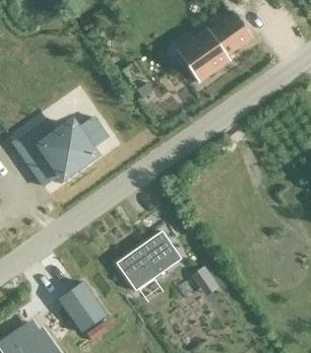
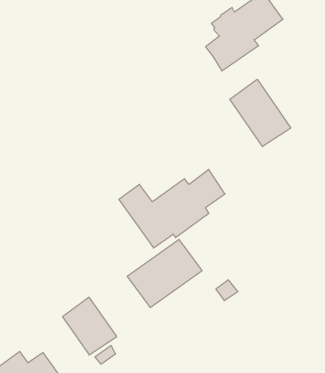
building: none -> [230,79,291,147]
building: [14,116,108,185] -> [119,169,225,248]

